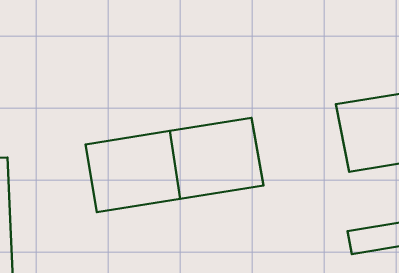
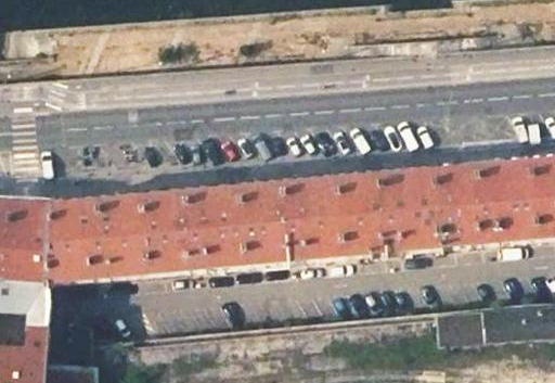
building: none -> [336,168,444,256]
building: none -> [49,194,150,283]

